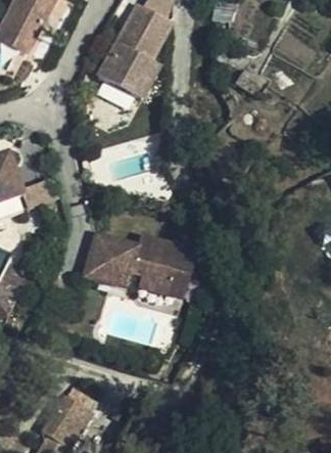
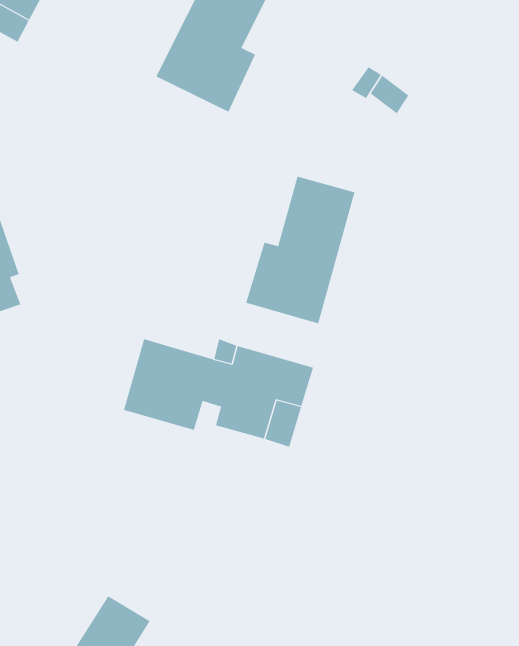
building: none -> [246,176,355,324]

